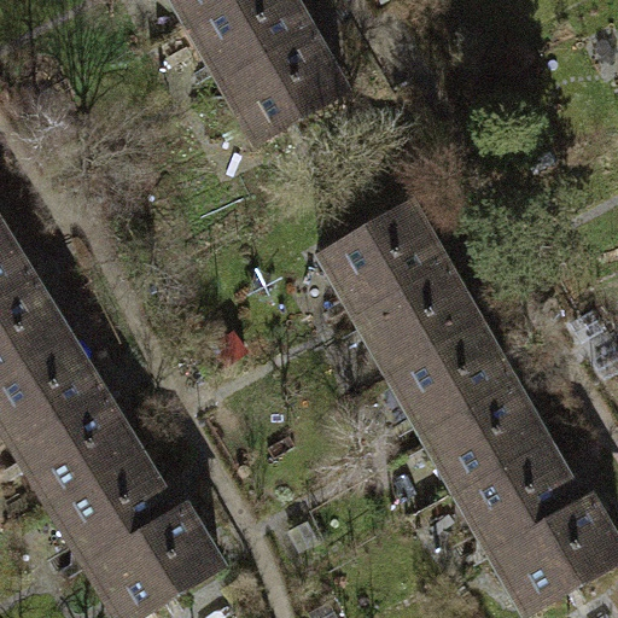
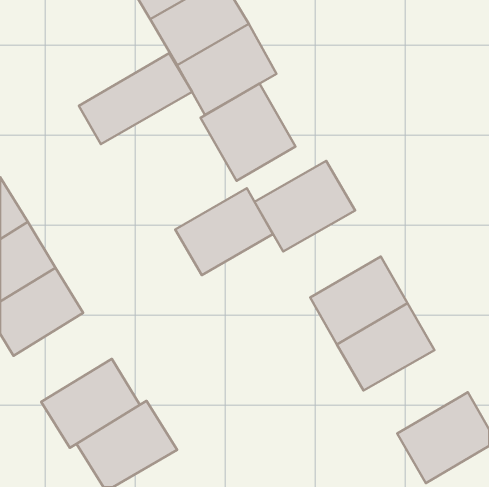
building: none -> [79,53,192,144]
building: none -> [200,84,295,181]
building: [357,266,480,375] -> [175,188,273,275]
building: [17,395,141,507] -> none
building: [459,442,582,552] -> none

